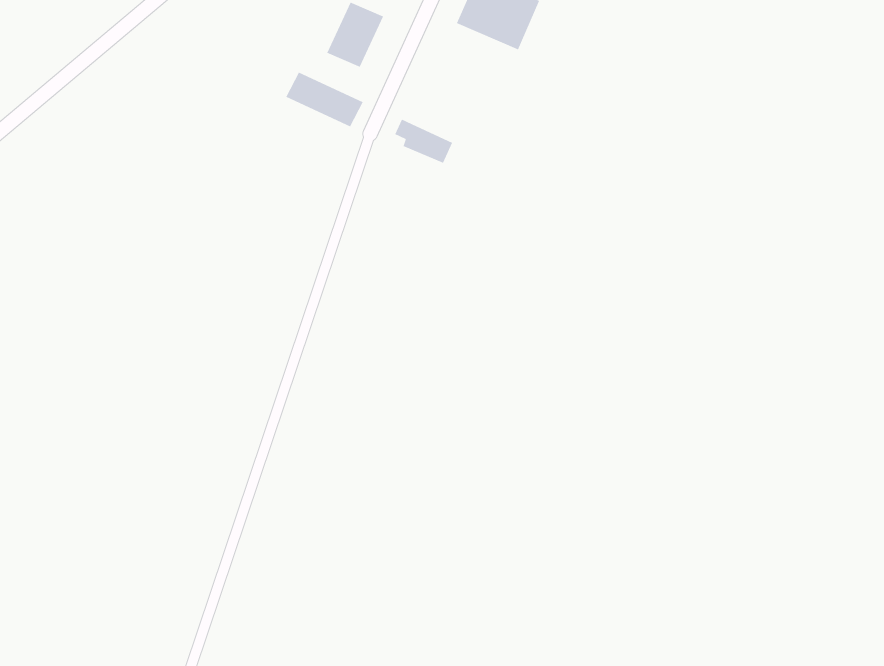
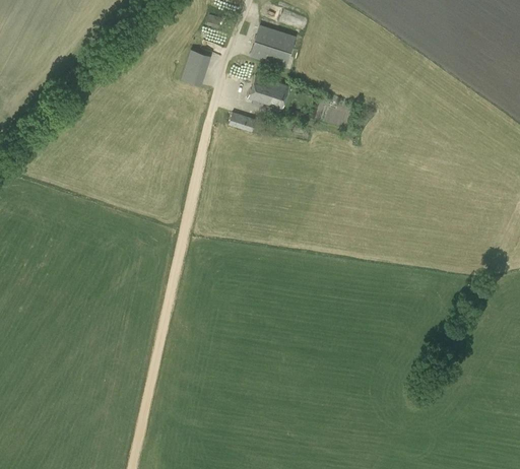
building: none -> [248,74,288,108]
building: [285,72,364,127] -> none

